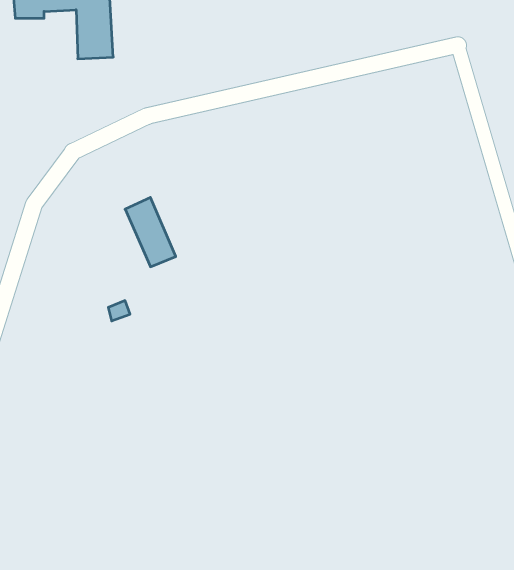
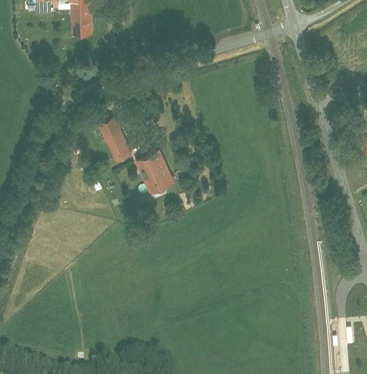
building: none -> [139,153,172,193]

